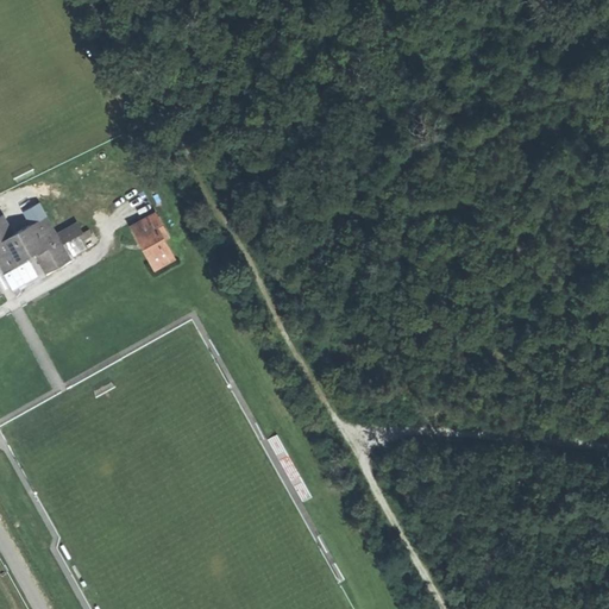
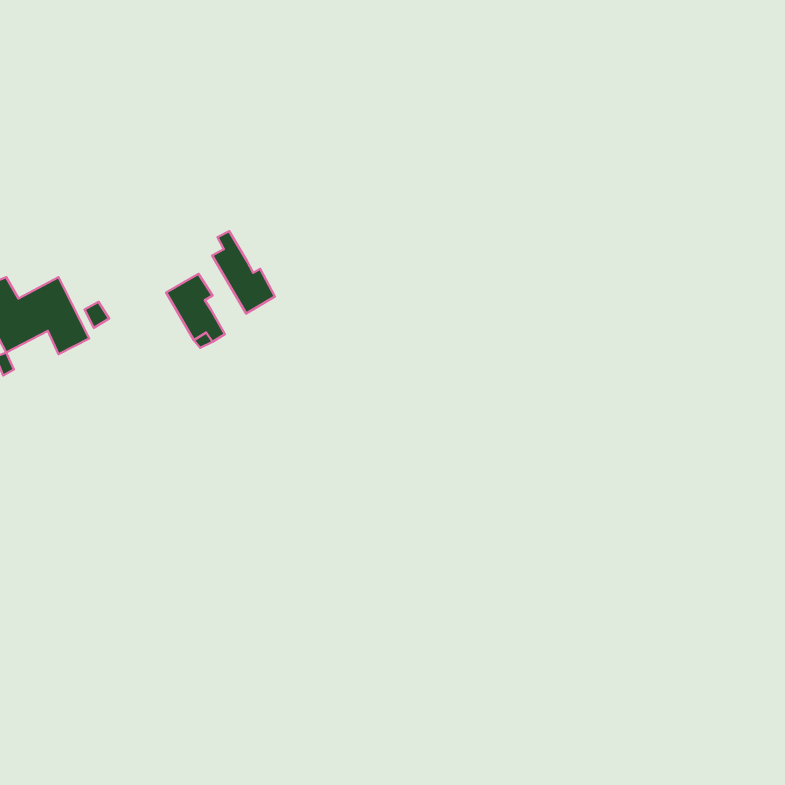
building: none -> [212,231,275,314]

